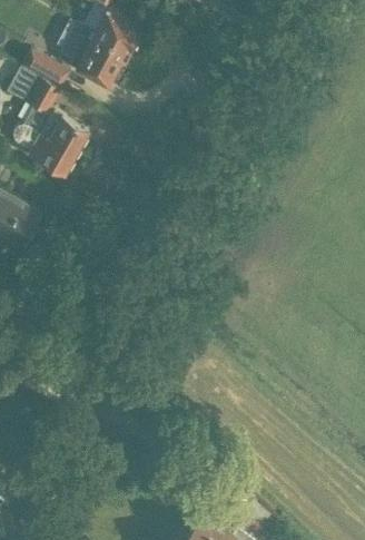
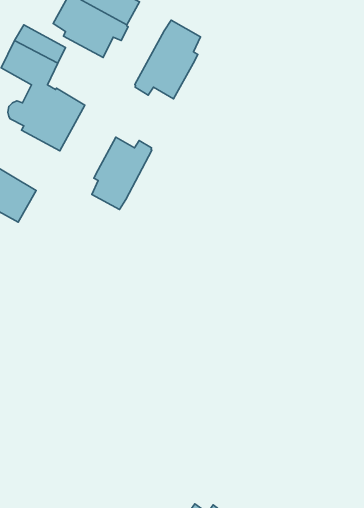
building: none -> [135,20,201,99]
building: none -> [92,137,152,209]

